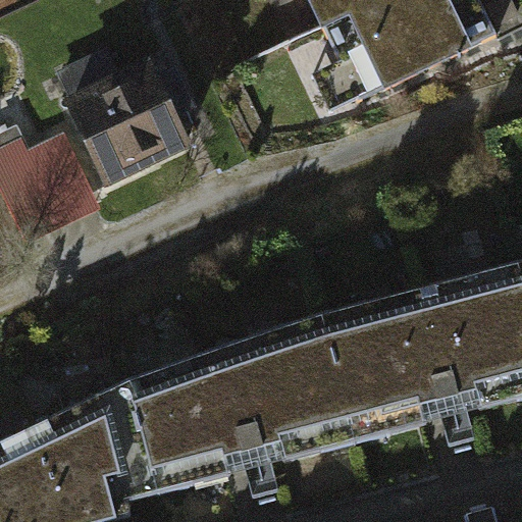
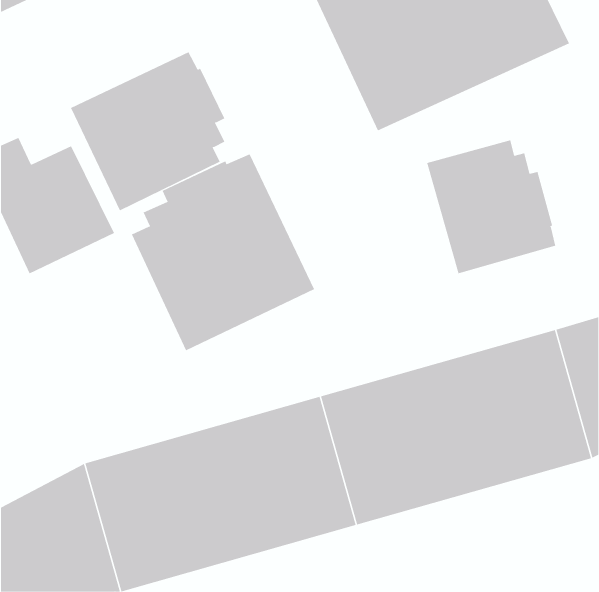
building: none -> [426,140,556,274]
building: none -> [131,154,315,351]

